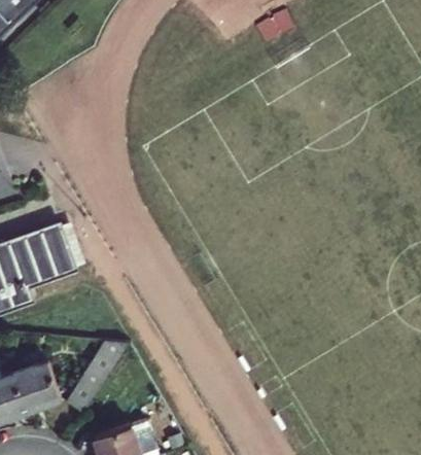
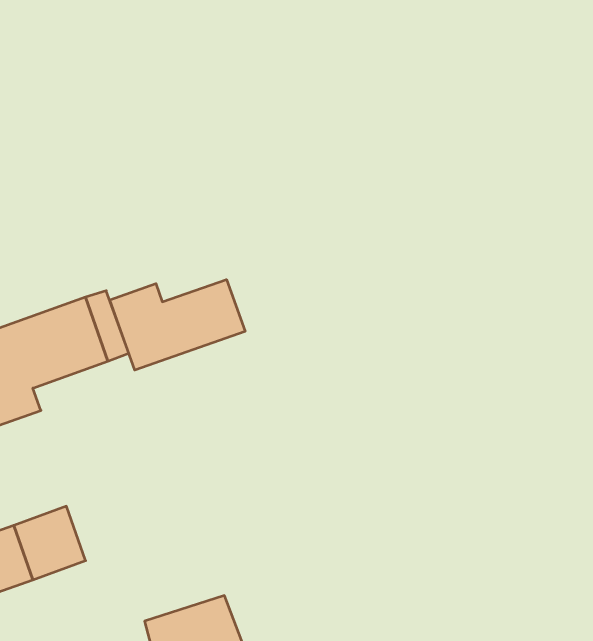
building: none -> [110,280,245,370]
building: [65,337,132,412] -> none

